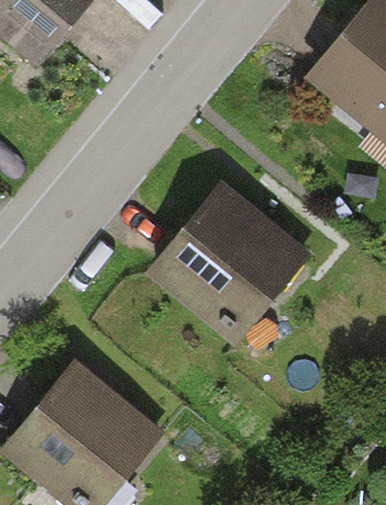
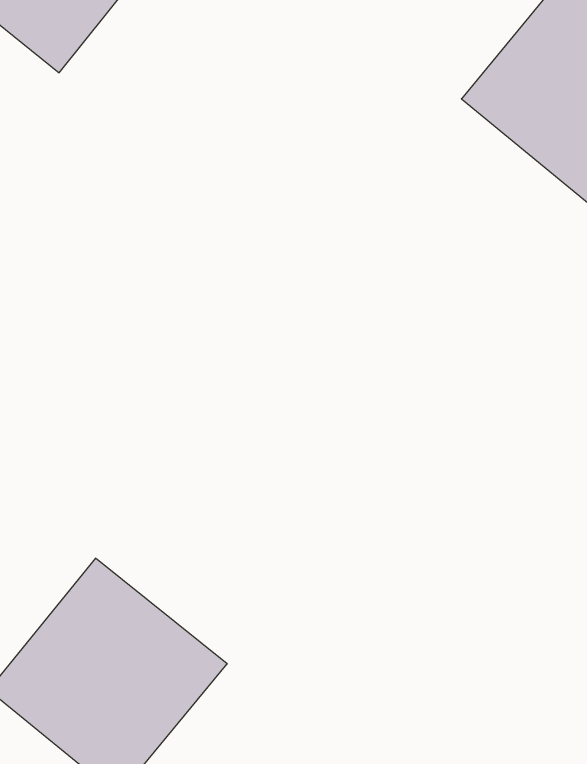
building: [153,188,301,334] -> none

